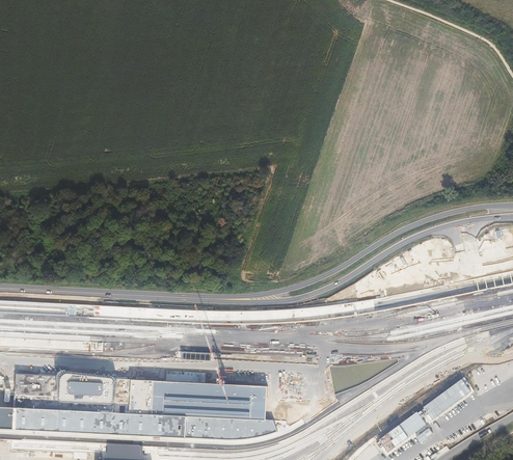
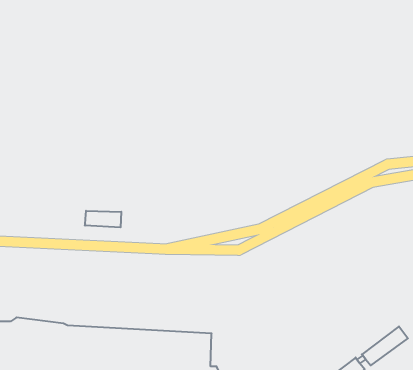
building: none -> [85,211,121,227]

